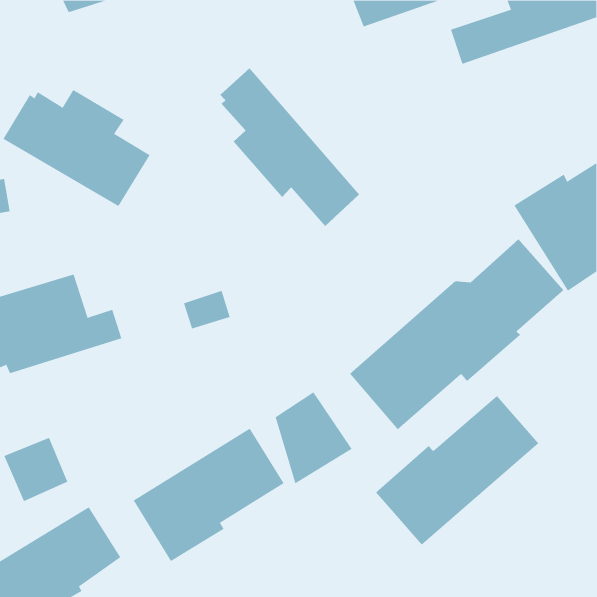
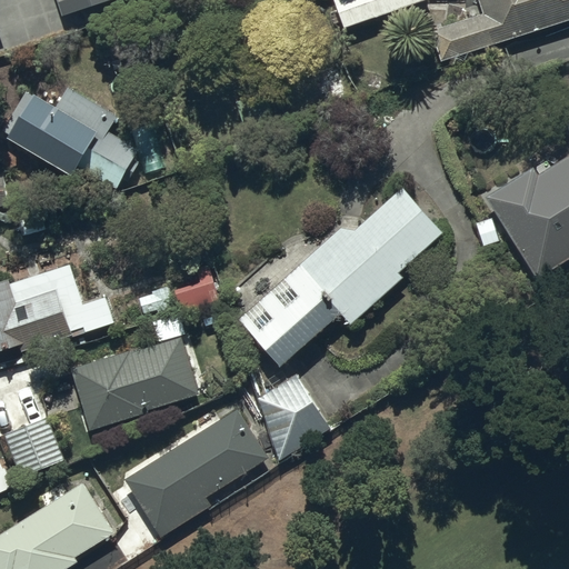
building: [219,67,360,227] -> none
building: [349,239,564,430] -> [239,187,442,368]
building: none -> [72,336,198,428]
building: [375,395,539,545] -> none

